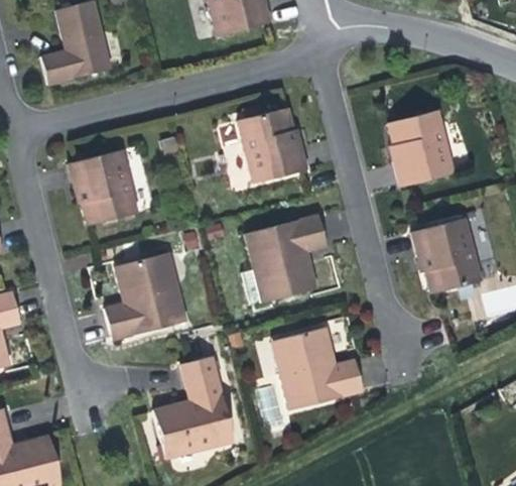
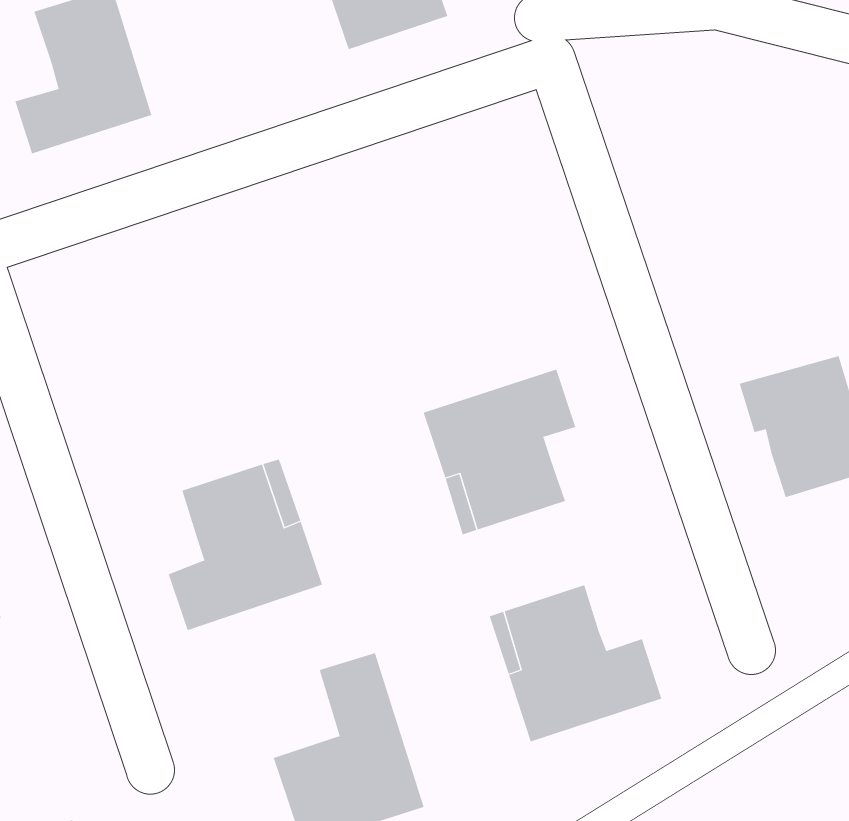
building: [239,109,306,185] -> none
building: [391,113,453,188] -> none
building: [69,150,137,226] -> none

